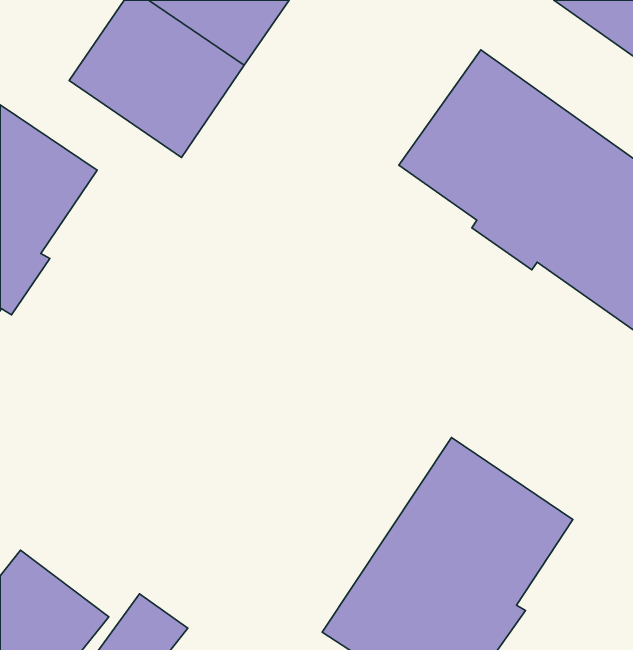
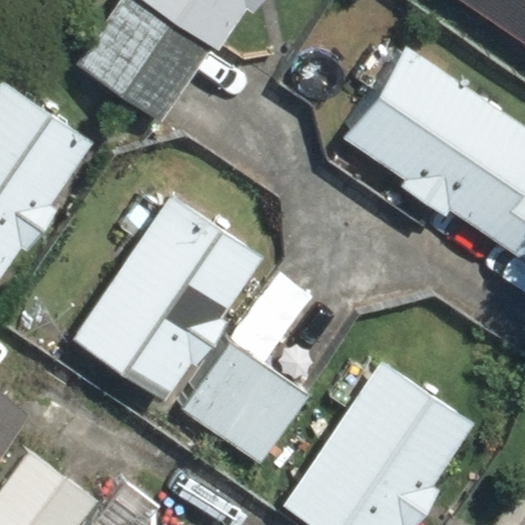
building: none -> [71,193,262,401]
building: none -> [158,332,318,470]

